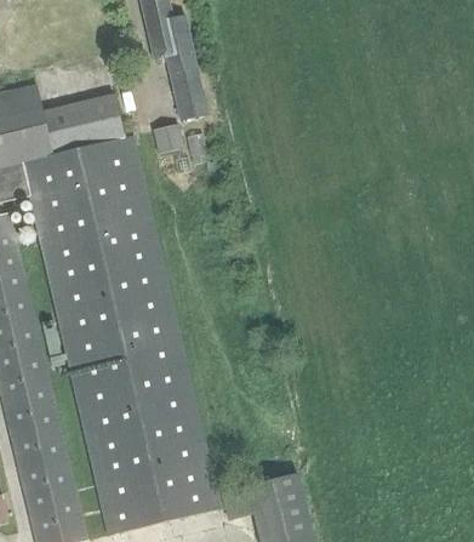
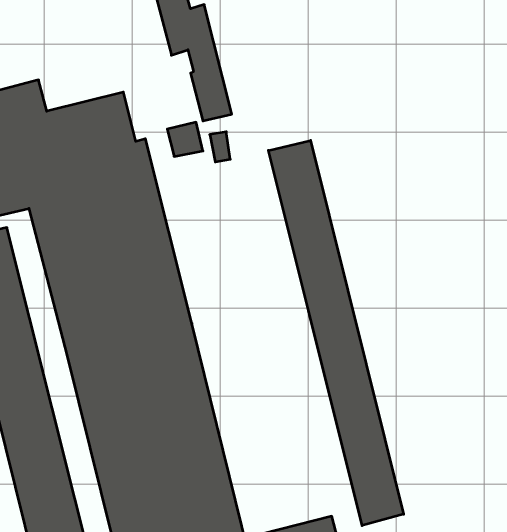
building: none -> [268,140,404,526]

